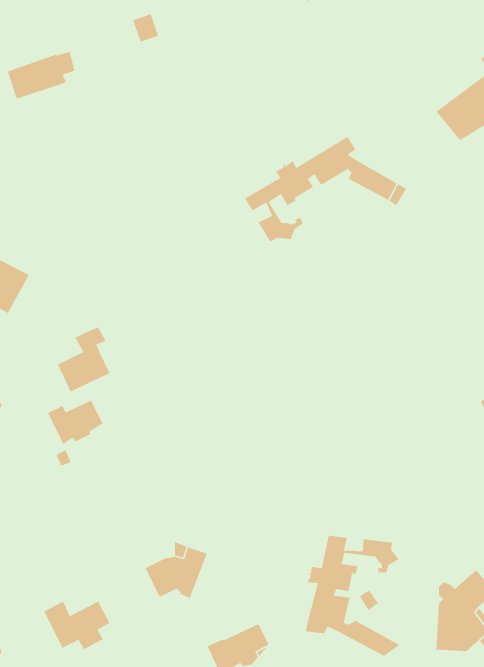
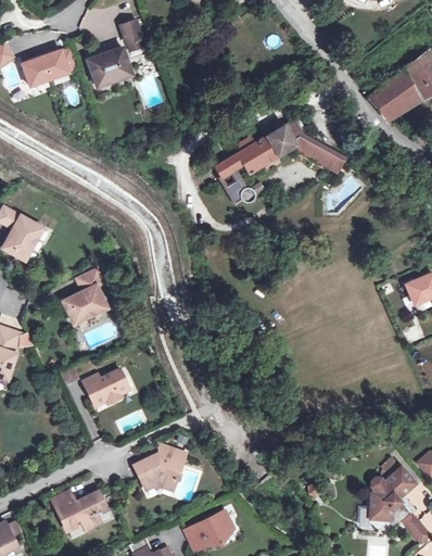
building: none -> [91,46,135,85]
building: [47,399,103,445] -> [82,368,128,405]
building: [305,535,400,657] -> none

